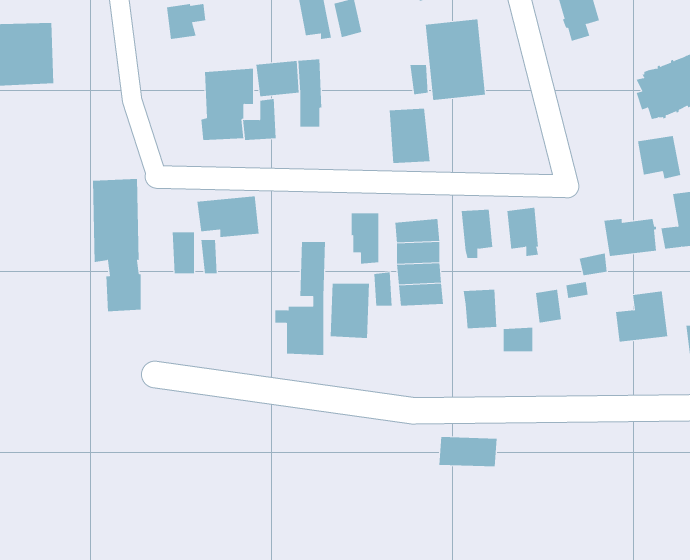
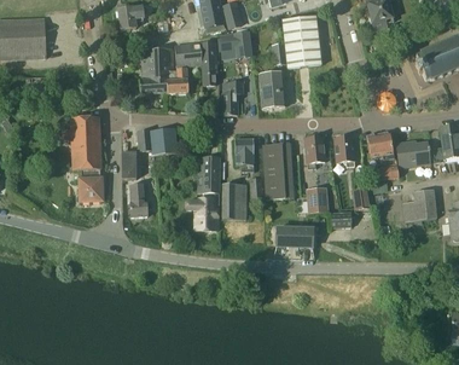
building: none -> [219,30,250,56]
building: none -> [222,80,242,114]
building: [637,135,681,179] -> [366,131,394,158]
building: none -> [127,183,151,215]
building: [439,436,498,467] -> [275,226,313,245]

